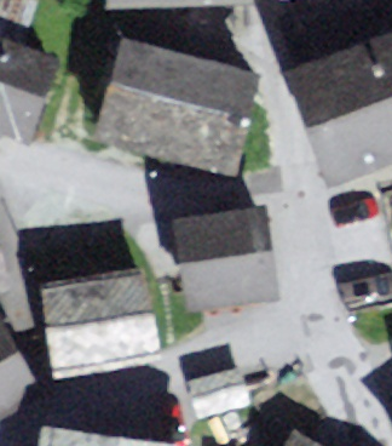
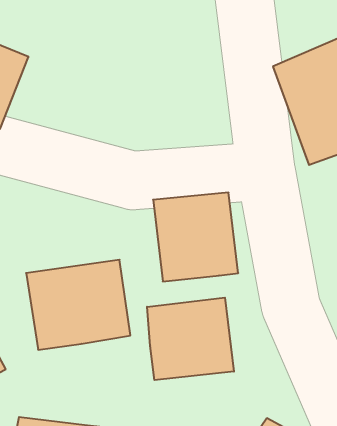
building: [99,46,246,166] -> none
building: none -> [147,298,234,380]

